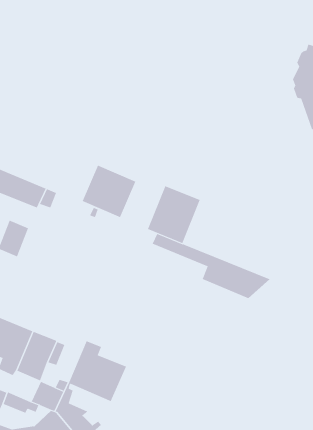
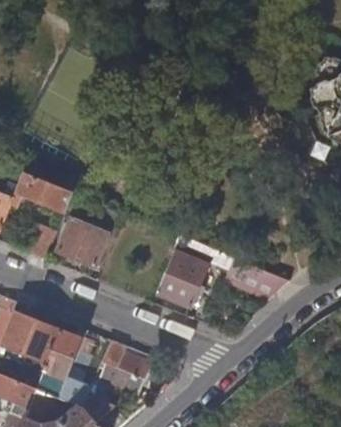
building: [82,165,136,218] -> [56,216,108,267]
building: [147,185,200,244] -> [155,250,206,306]

